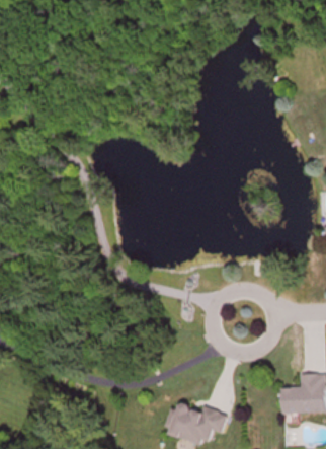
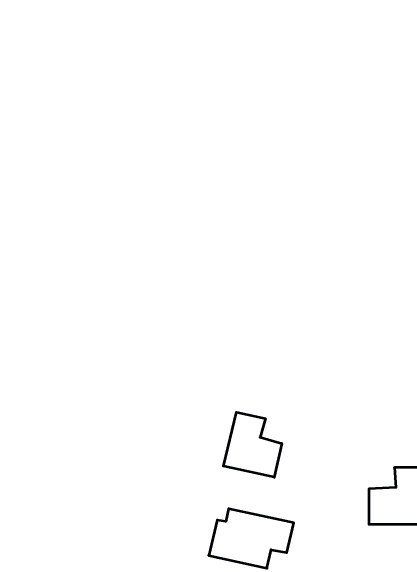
building: none -> [223,412,282,477]

